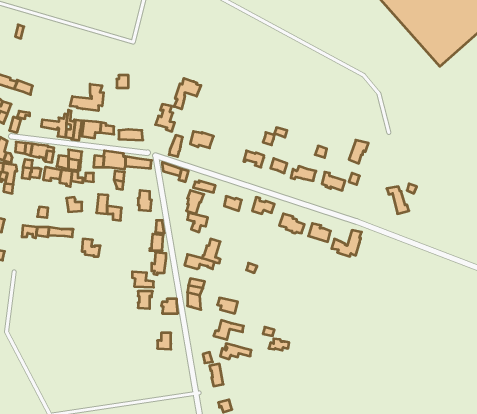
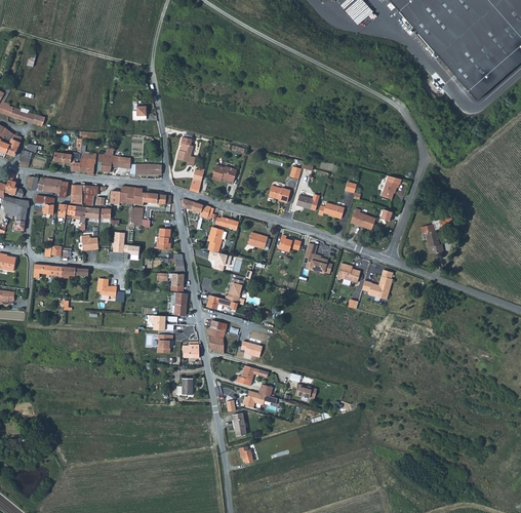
building: [174,78,201,109] -> none
building: [70,84,104,111] -> none

